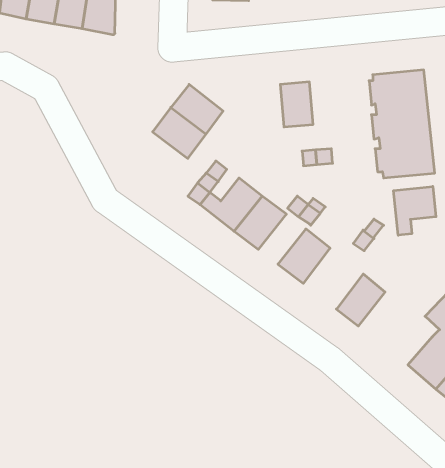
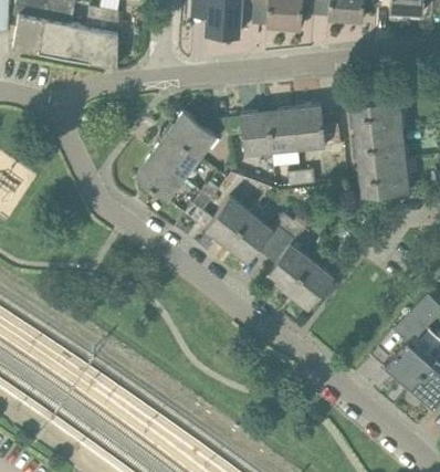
building: none -> [295,106,325,148]
building: none -> [220,112,272,154]
building: none -> [136,155,185,200]
building: [394,186,436,235] -> none
building: [336,274,385,326] -> [290,261,334,308]

